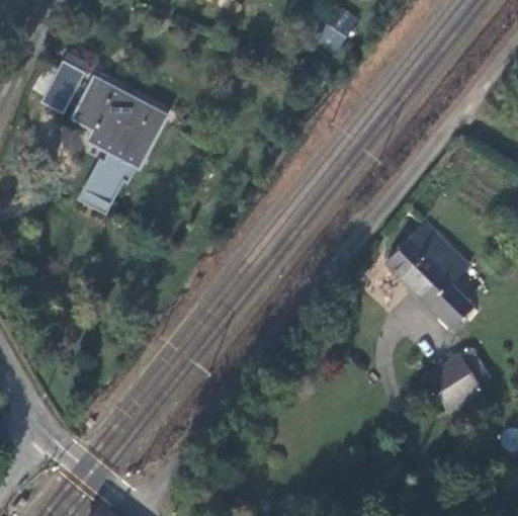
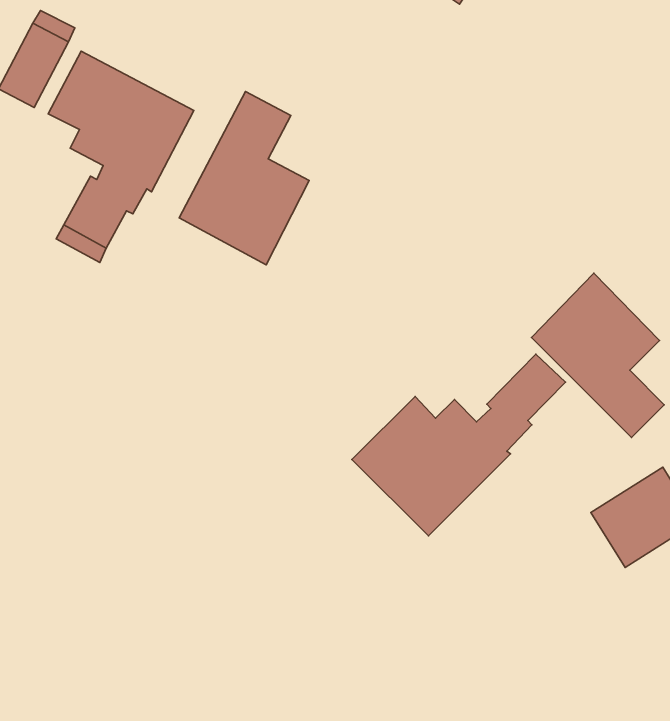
building: none -> [179,92,309,265]
building: none -> [352,354,566,536]

